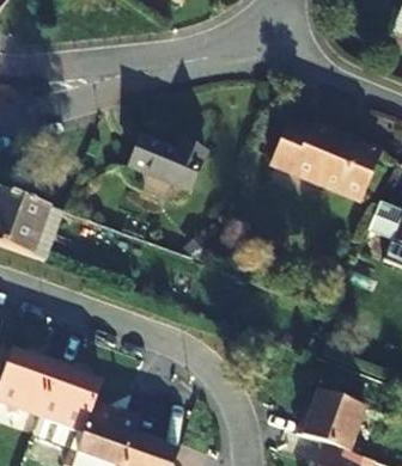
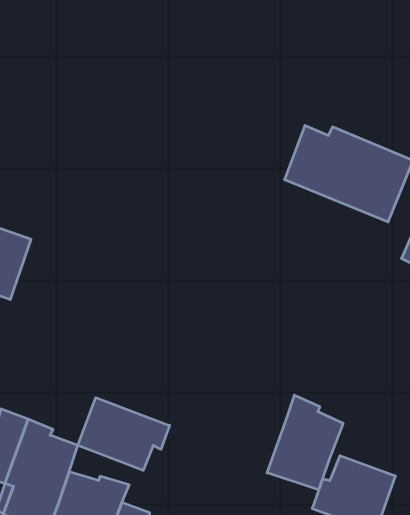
building: [129,136,205,191] -> none
building: none -> [267,395,343,490]
building: none -> [78,398,170,470]

